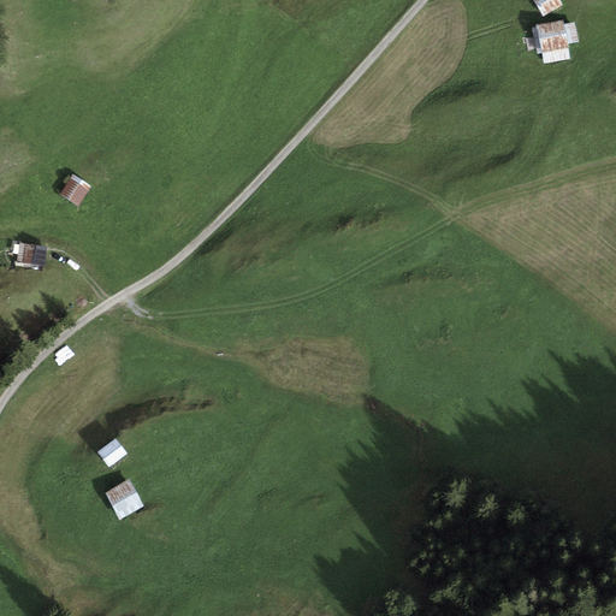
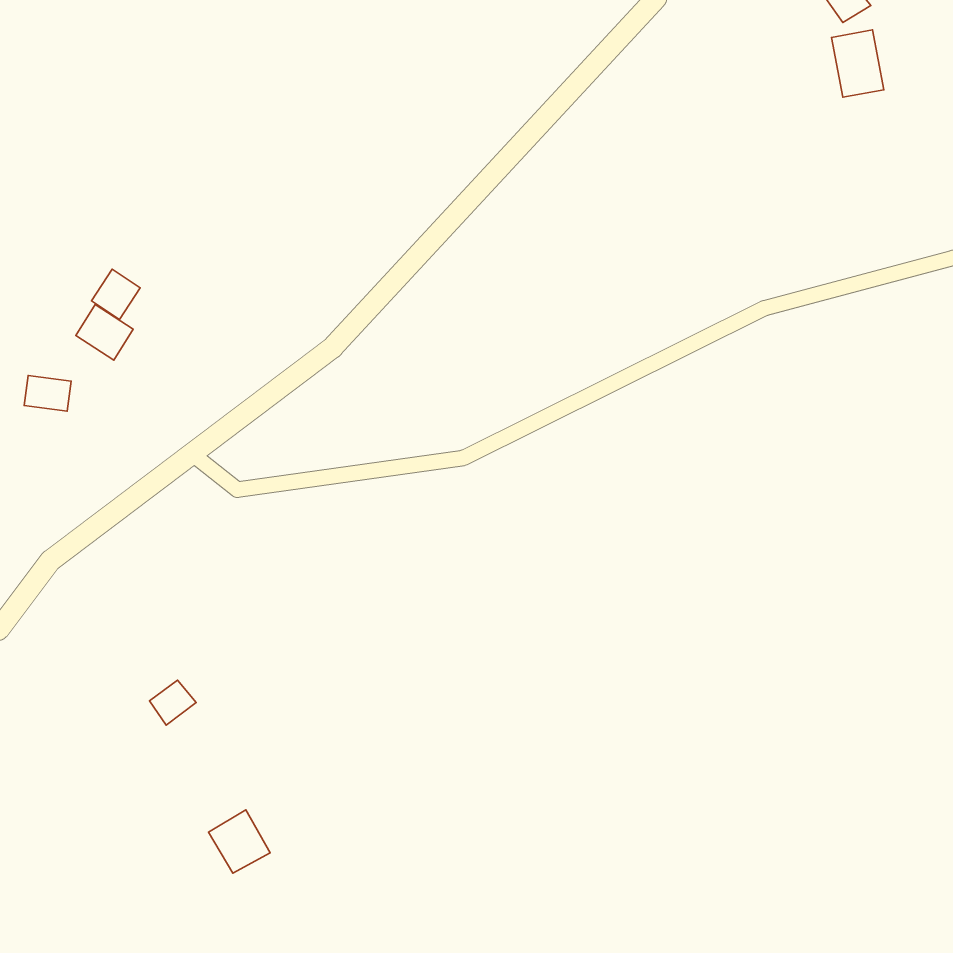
building: none -> [76,304,133,360]
building: [103,478,143,519] -> [208,810,270,873]

